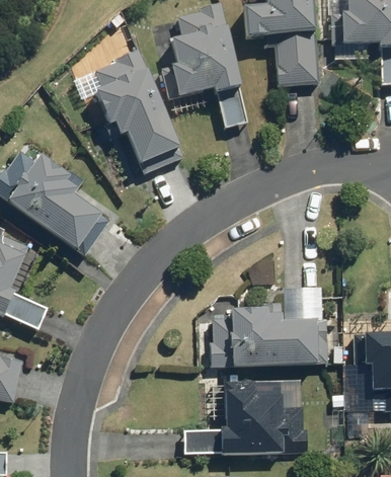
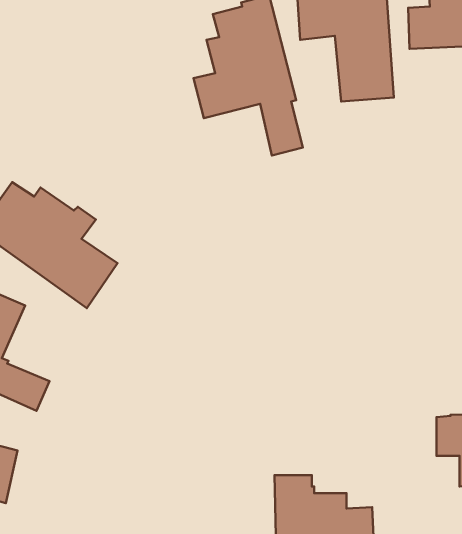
building: [73,50,180,163] -> none
building: [210,303,327,367] -> none

